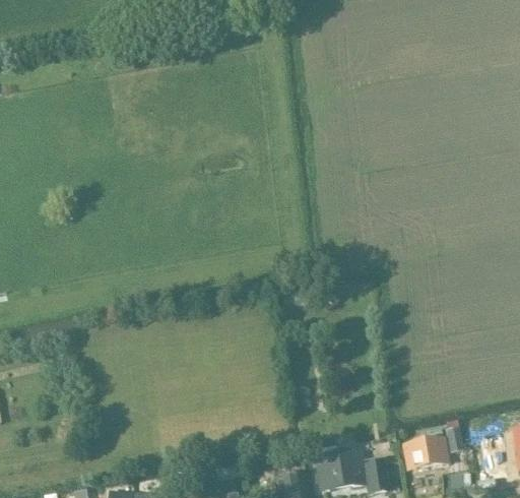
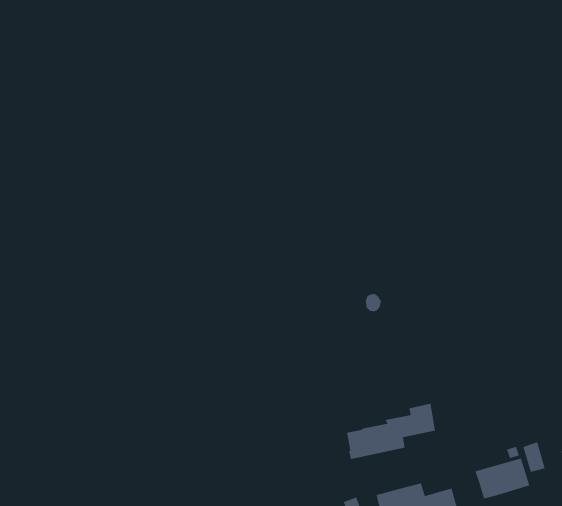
building: none -> [346,403,436,460]

